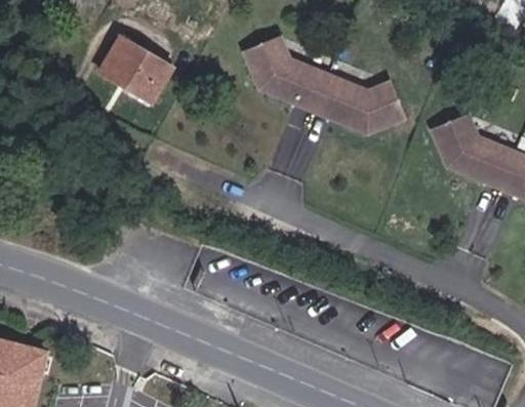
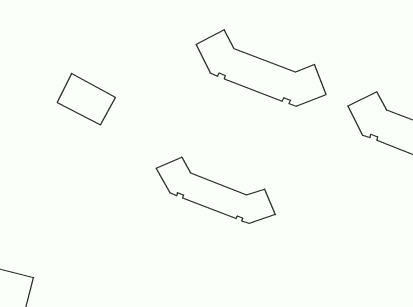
building: [107,37,178,100] -> [57,73,115,125]
building: none -> [156,157,275,223]

